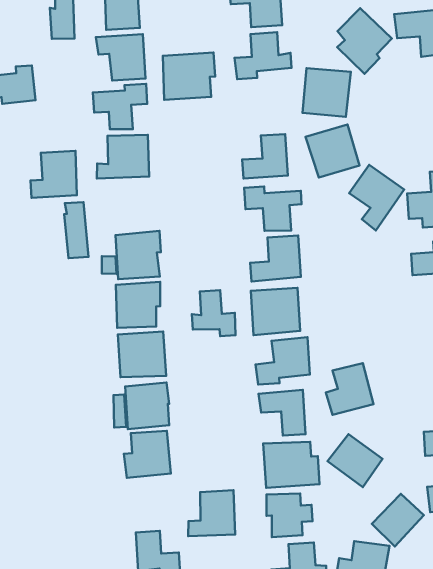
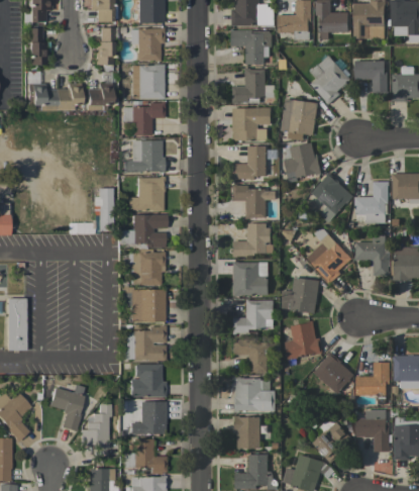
building: [163,52,215,100] -> [232,108,272,141]
building: none -> [87,87,112,106]
building: [30,151,77,198] -> [129,177,165,210]
building: none -> [308,225,351,282]
building: [192,290,235,336] -> none
building: none -> [282,279,318,312]
building: [328,434,382,487] -> [313,354,354,394]
building: none -> [49,387,86,430]
building: none -> [81,403,110,446]
building: [188,490,235,536] -> [130,401,167,434]

